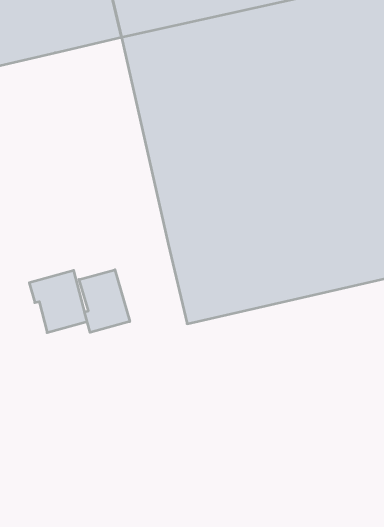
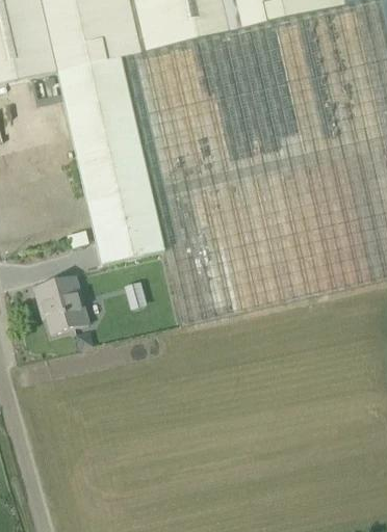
building: none -> [58,55,164,263]
building: [79,270,130,332] -> none

